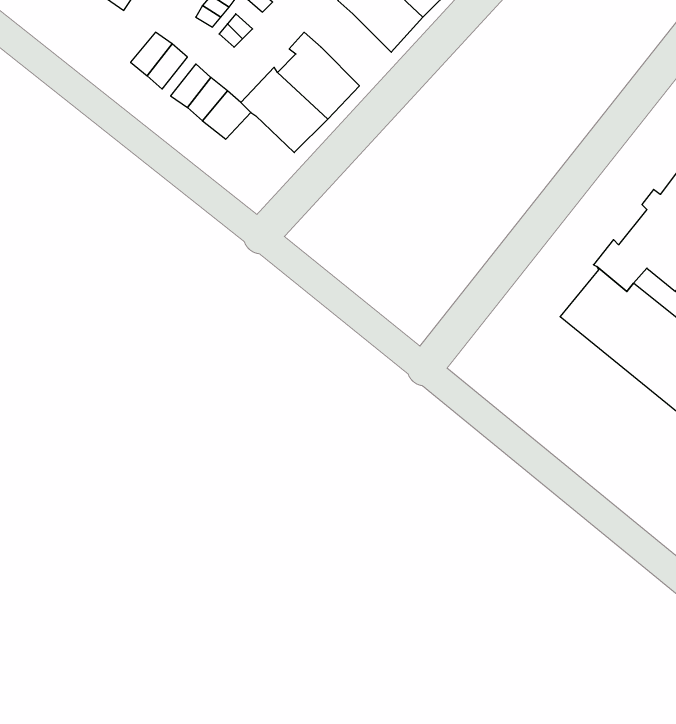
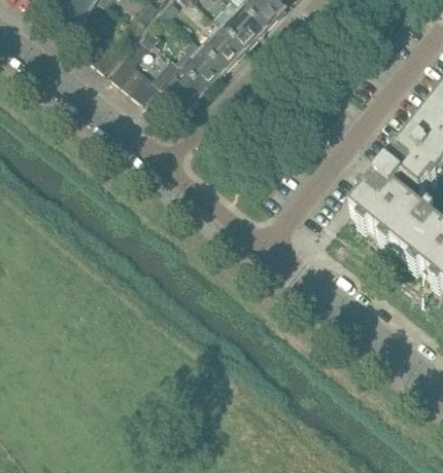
building: none -> [205,20,248,64]

